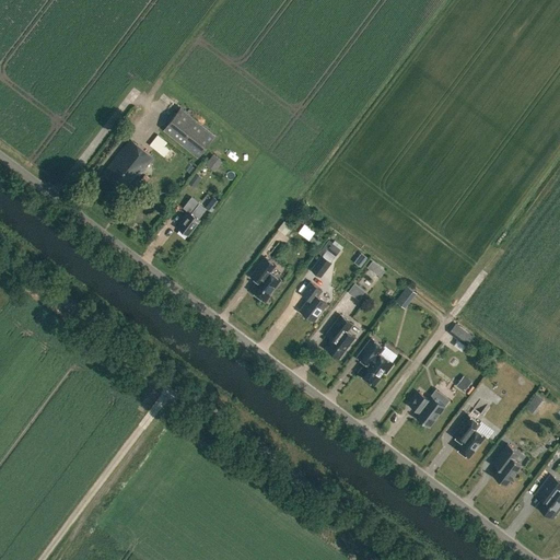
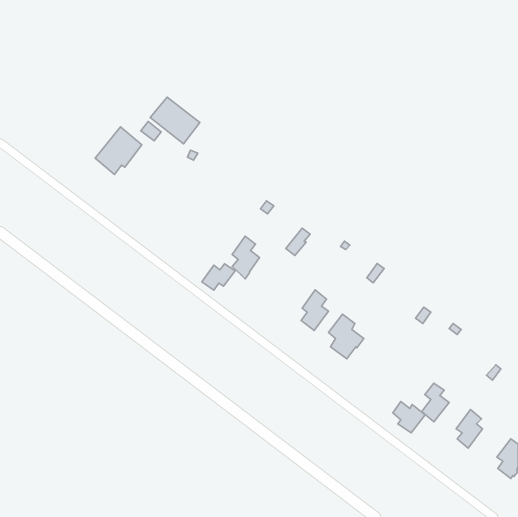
building: [177,196,206,233] -> none
building: [300,280,327,319] -> none
building: none -> [202,264,235,290]
building: [409,390,444,424] -> [393,402,425,433]

